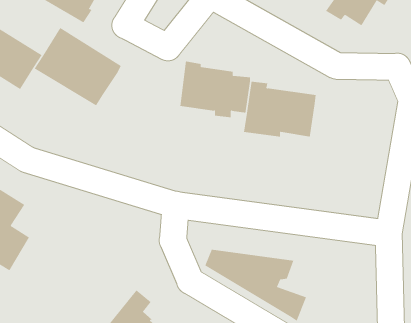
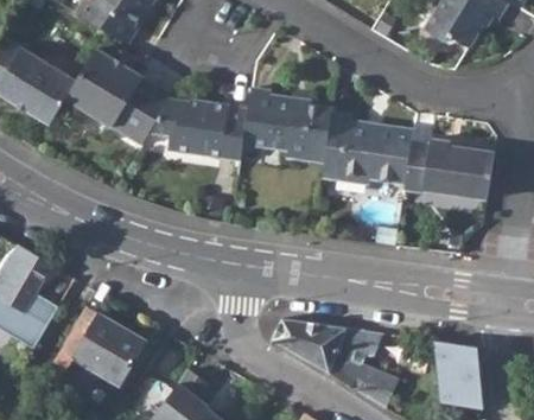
building: none -> [148,102,247,159]
building: none -> [402,138,492,198]
building: none -> [61,311,146,386]
building: none -> [434,343,479,406]

